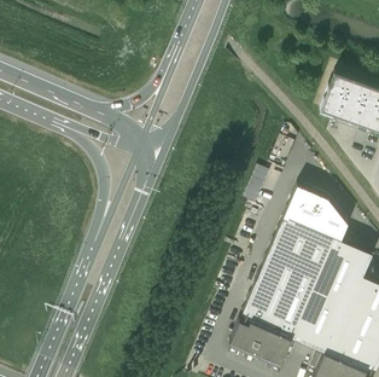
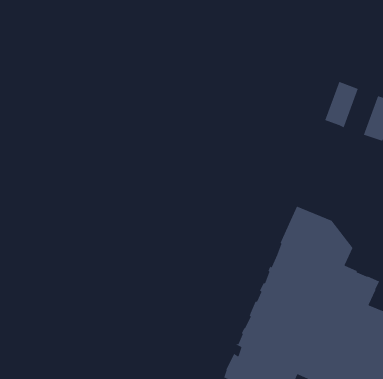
building: [340,82,371,124] -> none

